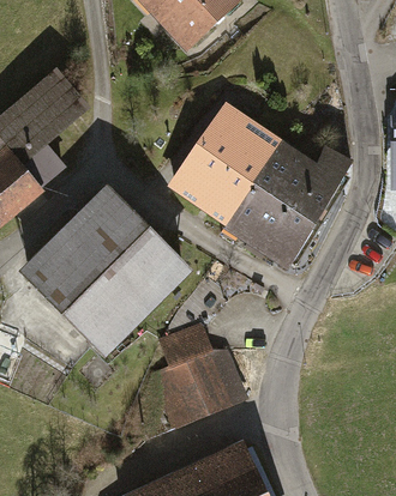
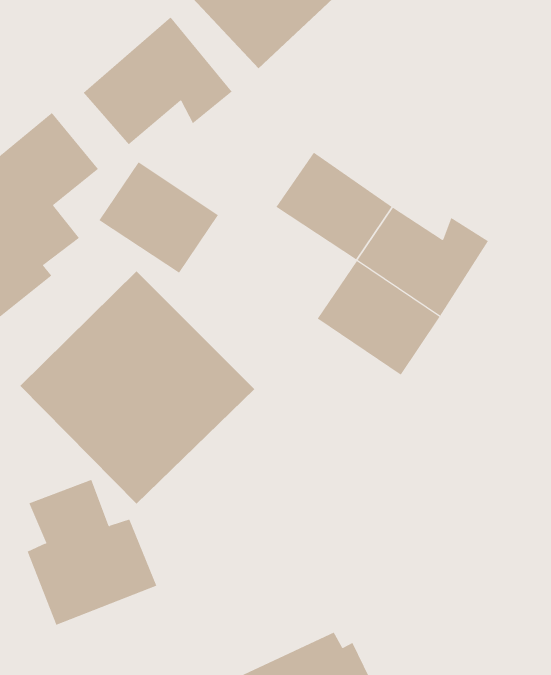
building: none -> [83,17,232,145]
building: [173,145,257,223] -> [99,162,219,274]
building: [155,323,246,425] -> [27,479,157,625]

